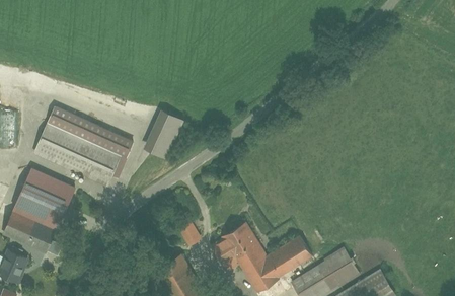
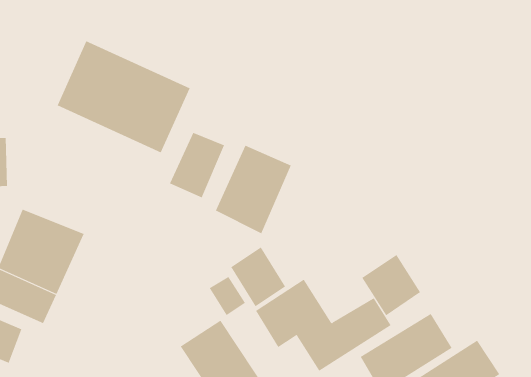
building: [31,104,134,191] -> [57,41,190,153]
building: none -> [215,145,291,234]
building: none -> [231,247,286,307]
building: none -> [362,254,421,316]

